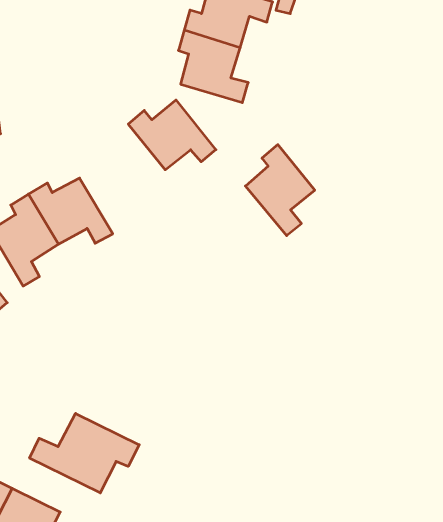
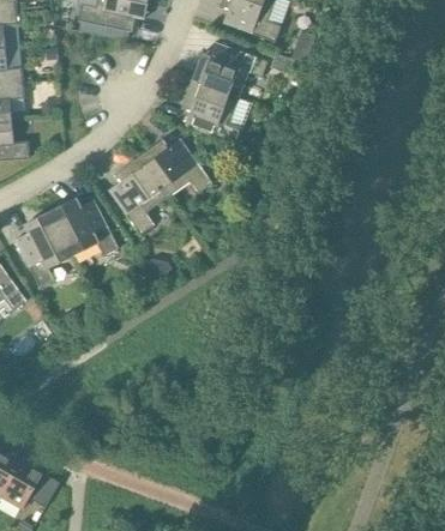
building: [245,145,315,236] -> [108,156,167,234]
building: [30,413,139,493] -> none

